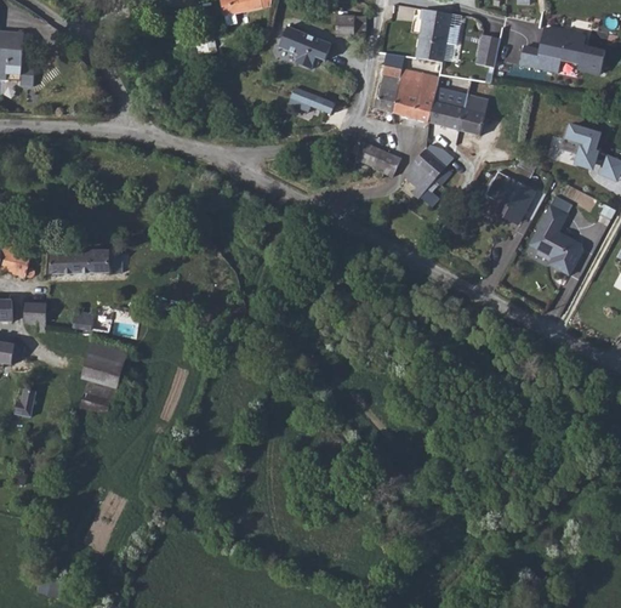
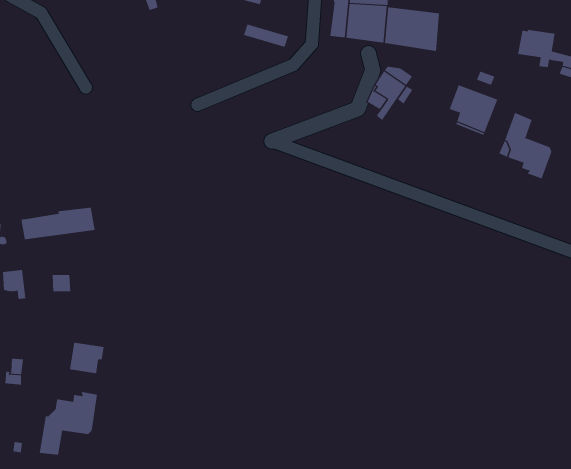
building: [348,141,401,176] -> none
building: [81,339,129,387] -> none
building: none -> [39,391,98,455]

